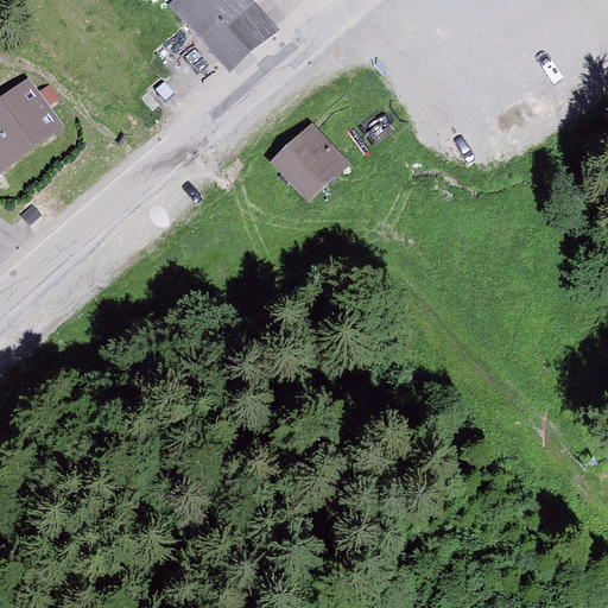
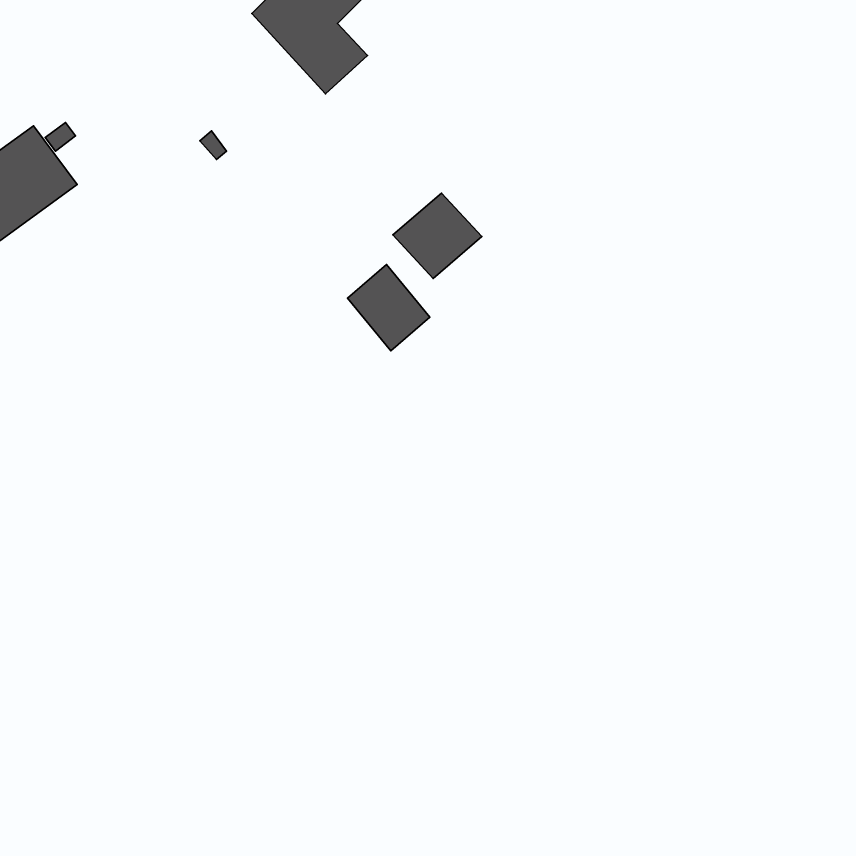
building: none -> [348,264,430,351]

